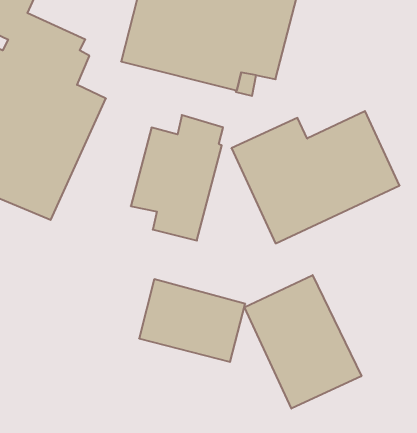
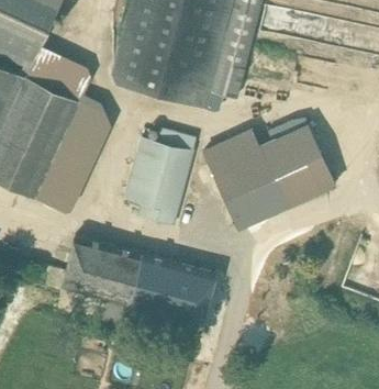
building: none -> [63,240,142,304]
building: [244,275,361,409] -> none

